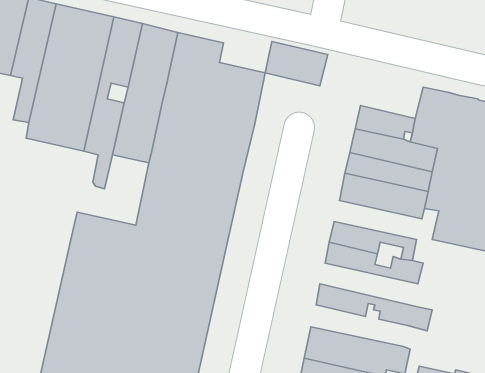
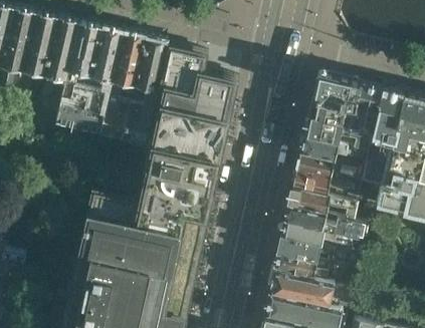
building: [265,42,328,86] -> [311,78,360,112]
building: none -> [291,176,359,206]
building: none -> [280,224,361,258]
building: none -> [273,256,348,288]

